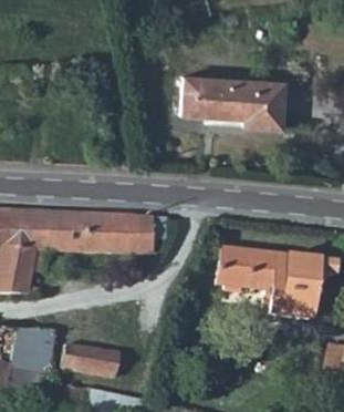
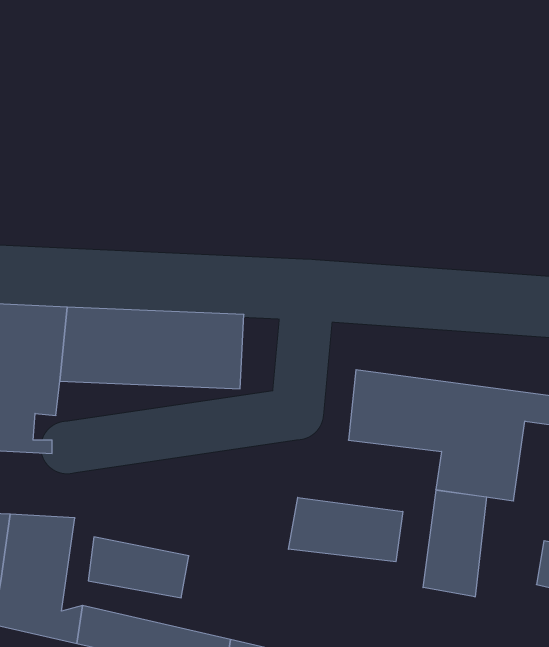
building: [181,76,283,128] -> none
building: none -> [423,490,487,597]
building: none -> [288,497,403,562]

